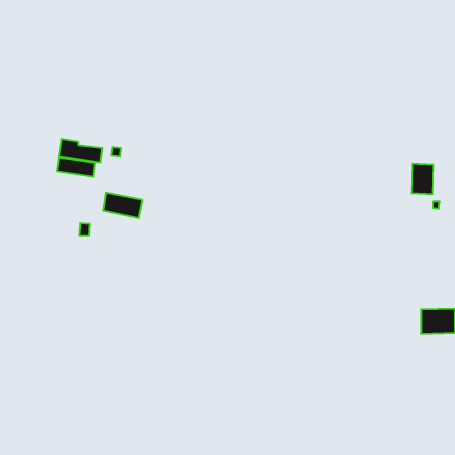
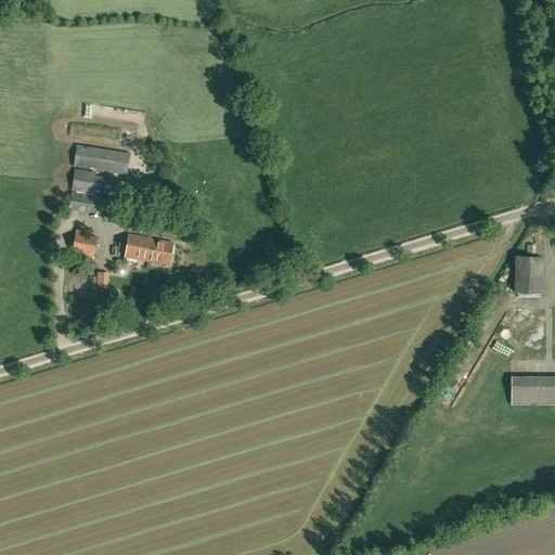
building: none -> [74,145,129,175]
building: [411,164,434,194] -> [515,256,542,293]
building: none -> [73,229,96,256]

